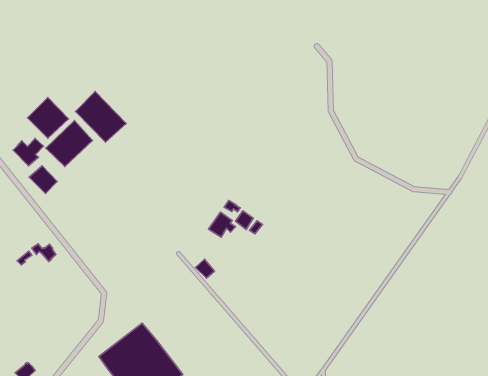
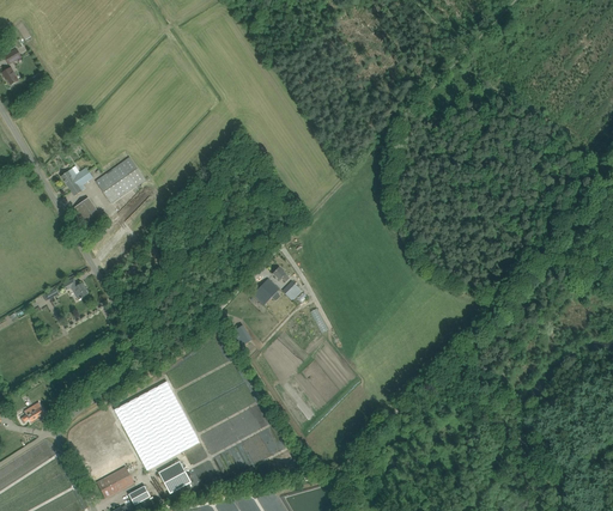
building: [76,91,126,142] -> none
building: [28,97,69,138] -> none

